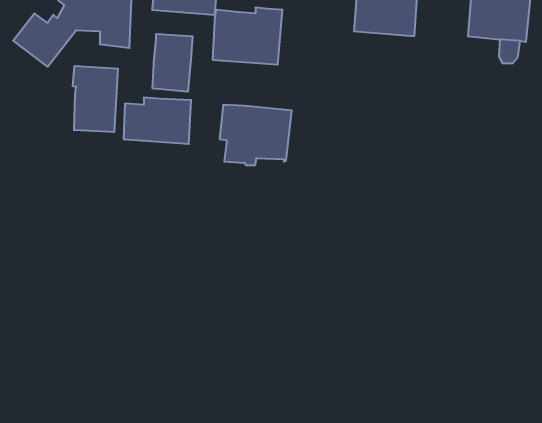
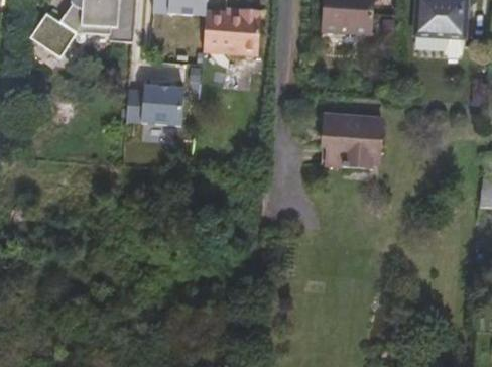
building: [153,34,193,92] -> none
building: [73,66,118,132] -> none
building: [220,105,292,165] -> [322,114,383,165]

